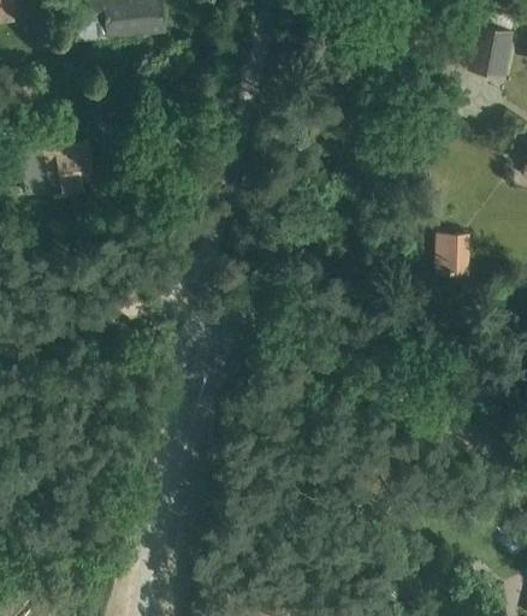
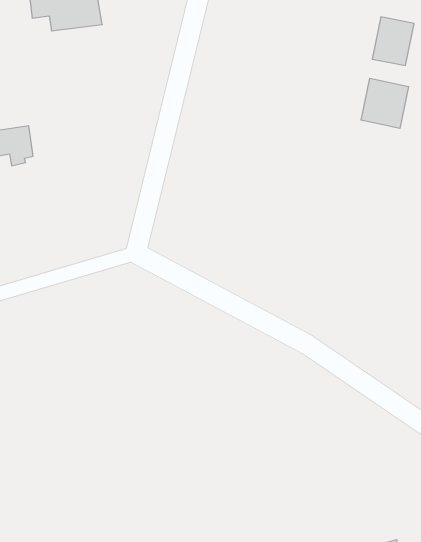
building: none -> [361,78,409,128]
building: [434,233,469,274] -> none

